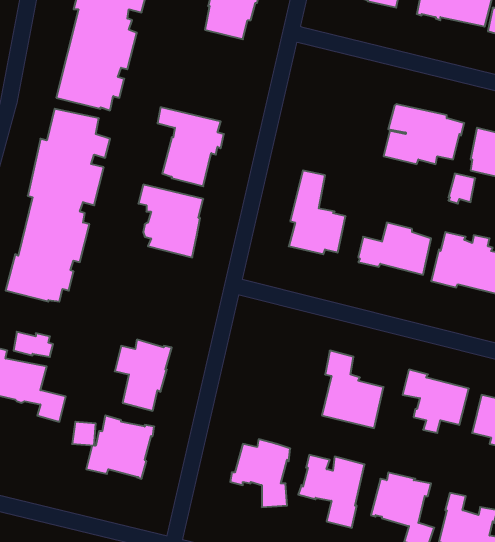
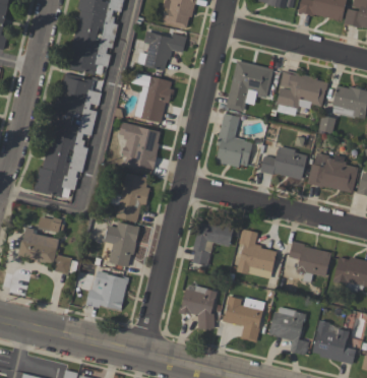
building: none -> [137,30,186,70]
building: none -> [226,60,272,111]
building: none -> [116,173,150,223]
building: none -> [192,222,234,266]

